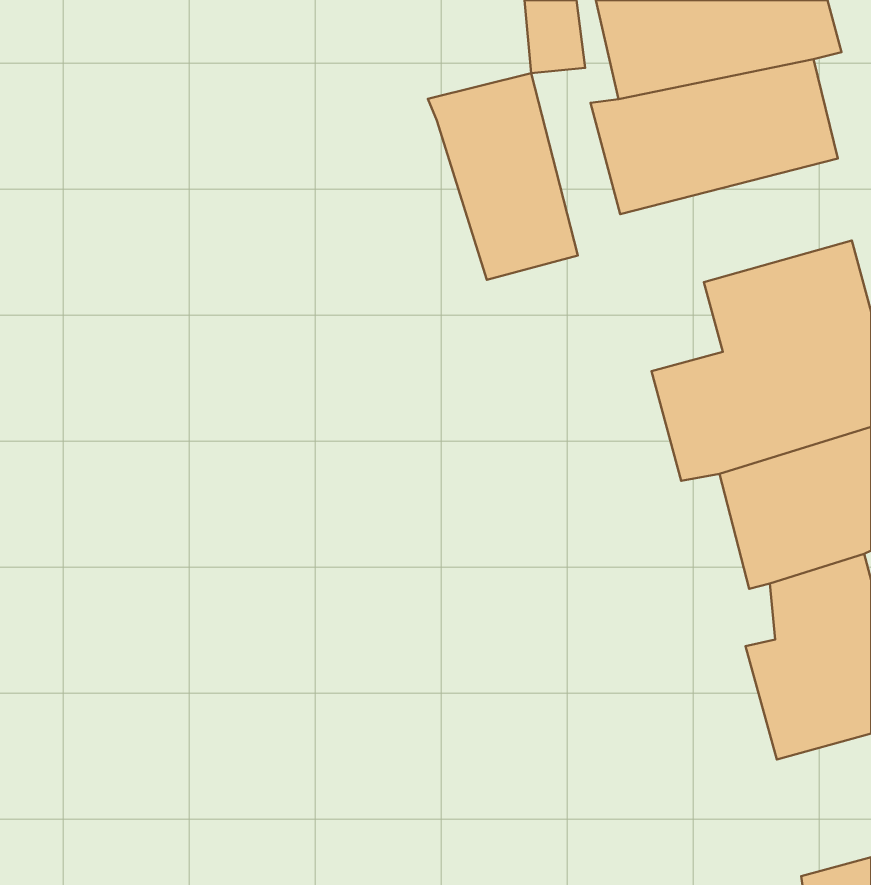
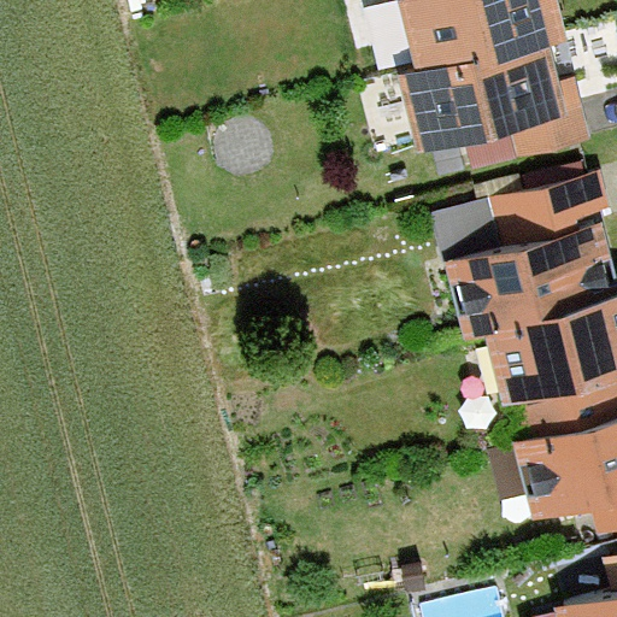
building: [428,73,578,280] -> none

